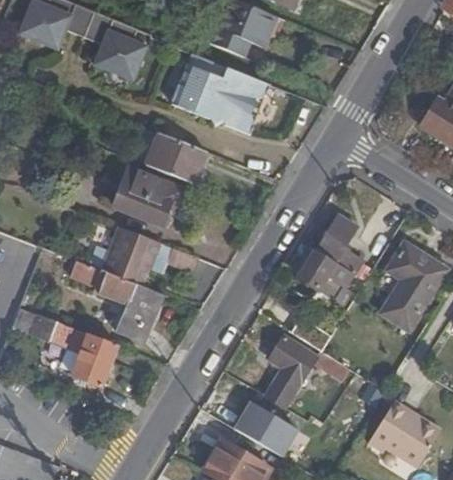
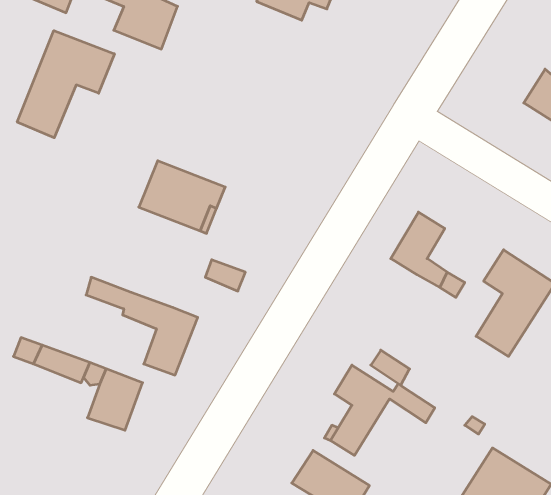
building: [170,55,270,137] -> none
building: none -> [17,31,114,138]
building: [145,135,206,185] -> none
building: [107,231,162,287] -> none
building: [297,248,338,292] -> none

